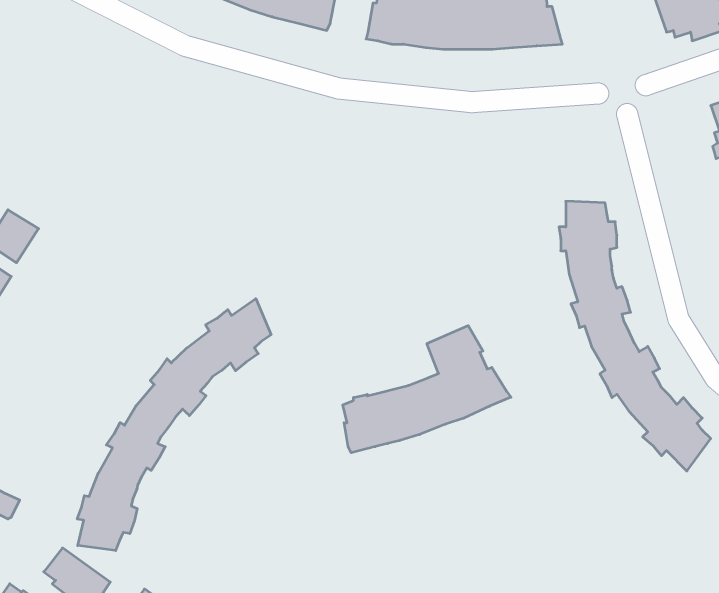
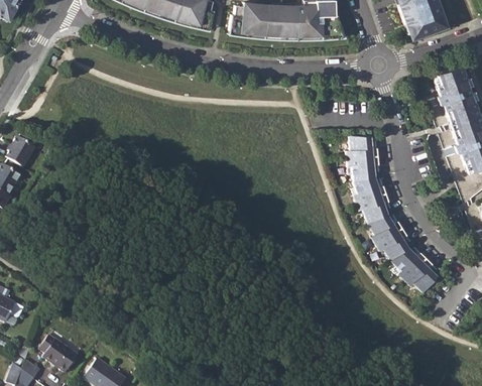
building: [77,299,271,551] -> none
building: [343,326,511,453] -> none

